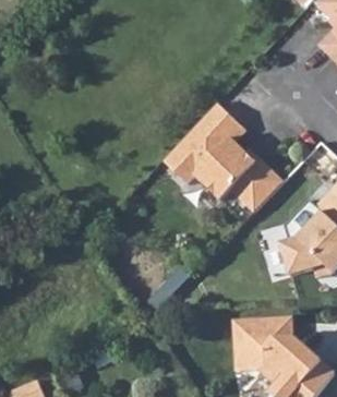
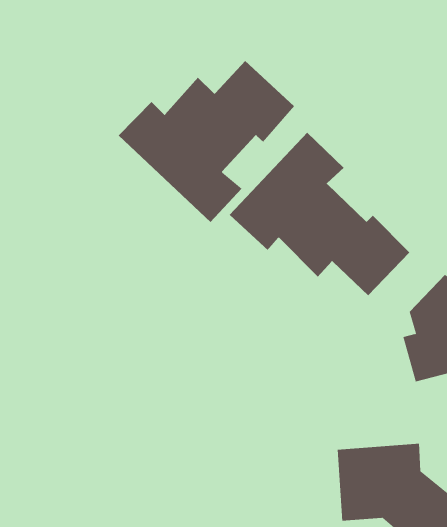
building: none -> [118,60,295,223]

